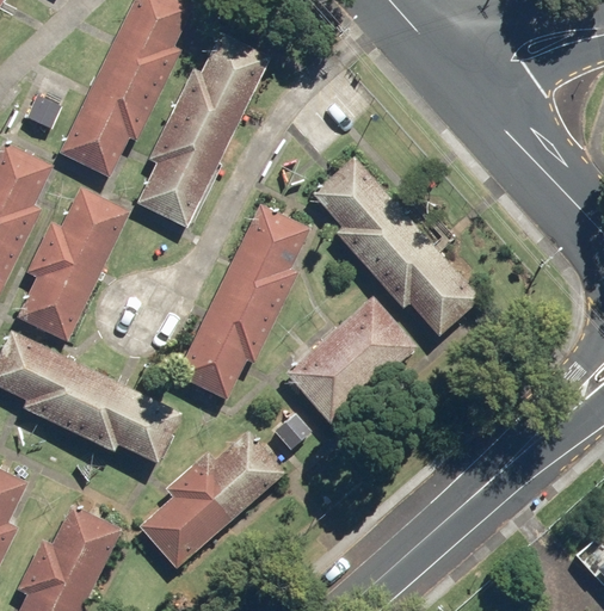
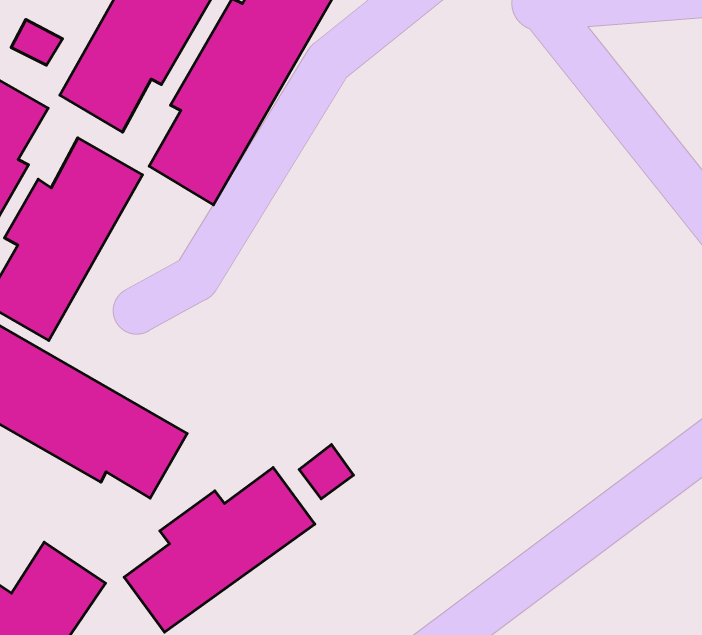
building: [309,156,482,338] -> none
building: [179,203,308,396] -> none
building: [286,296,417,421] -> none

